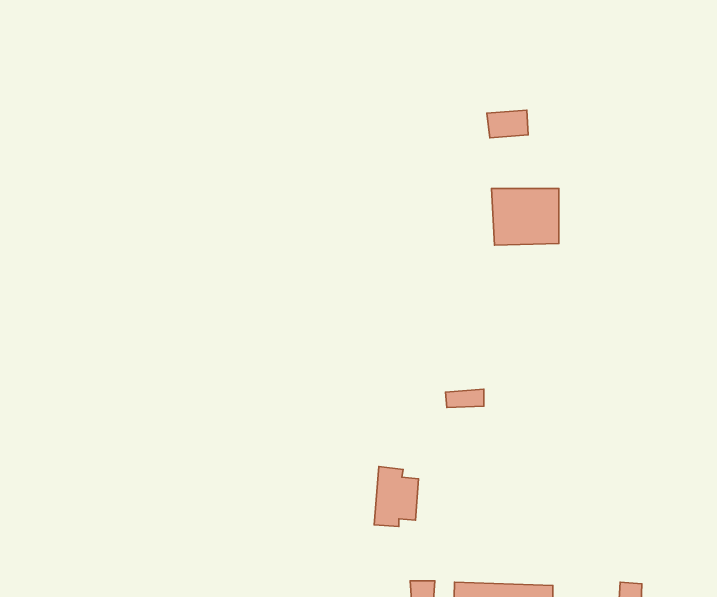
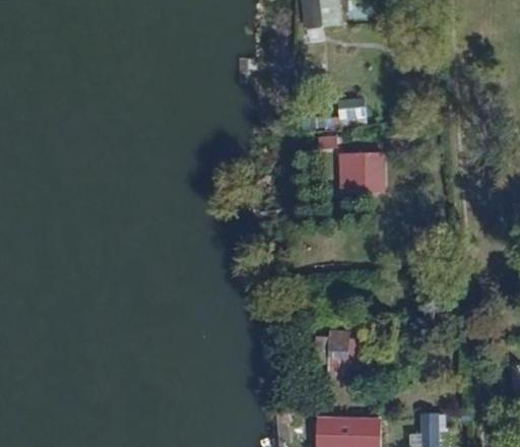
building: [374,467,419,526] -> [326,330,355,370]

